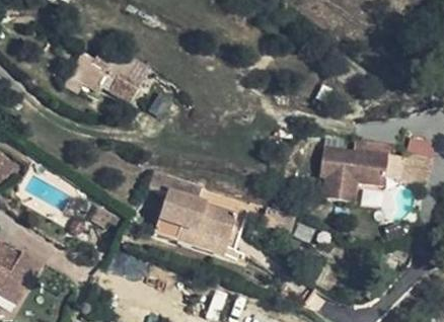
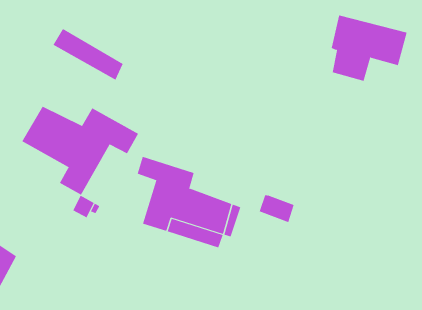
building: none -> [21,106,139,195]
building: [314,144,384,205] -> [331,15,407,81]

